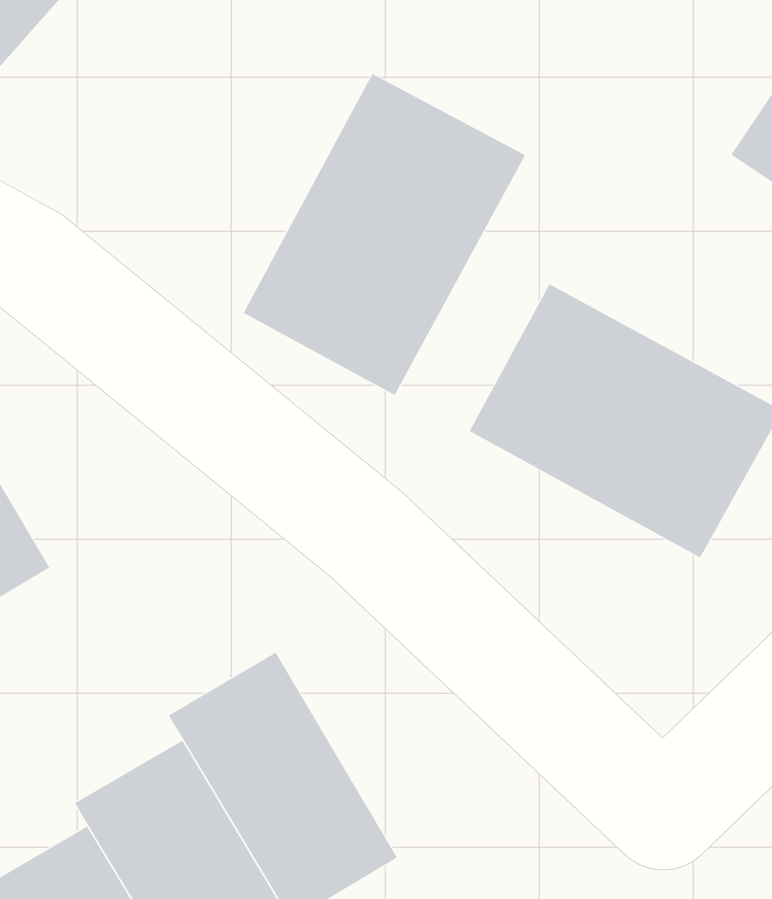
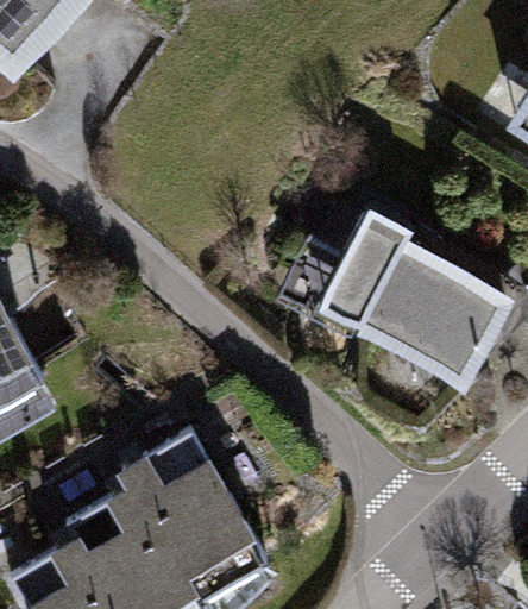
building: [243,73,526,396] -> none

